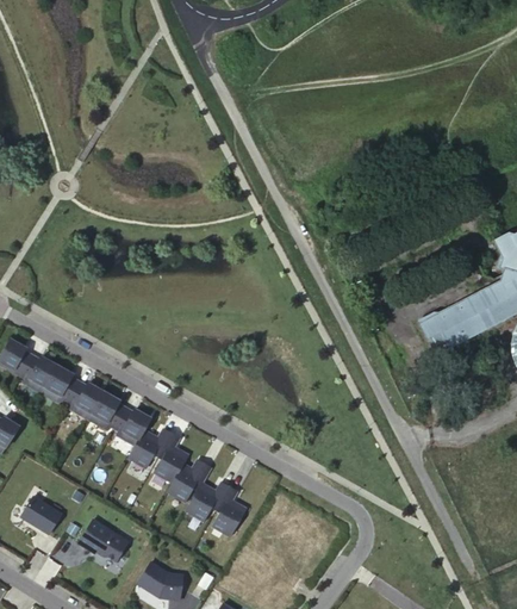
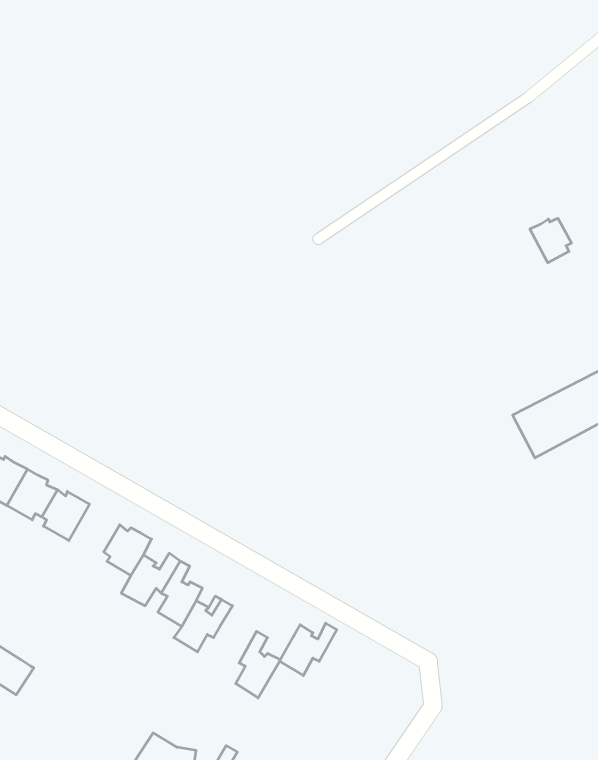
building: none -> [530,218,571,263]
building: [87,390,125,428] -> none
building: [185,480,228,520] -> [280,623,337,676]
building: [74,521,124,561] -> none

